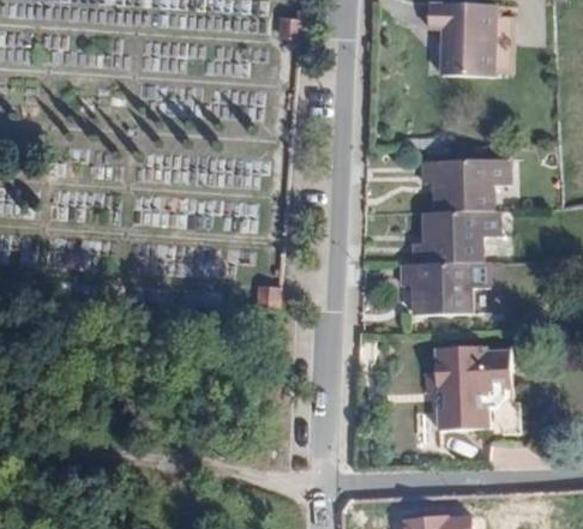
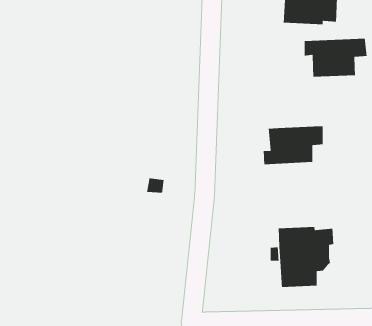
building: [421,160,507,214] -> [304,38,367,78]
building: [399,262,487,315] -> none

